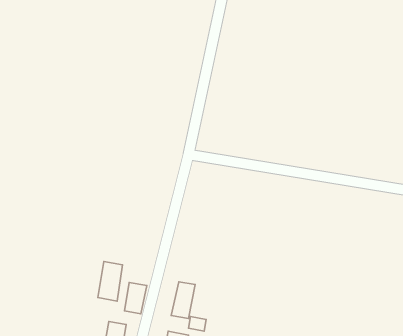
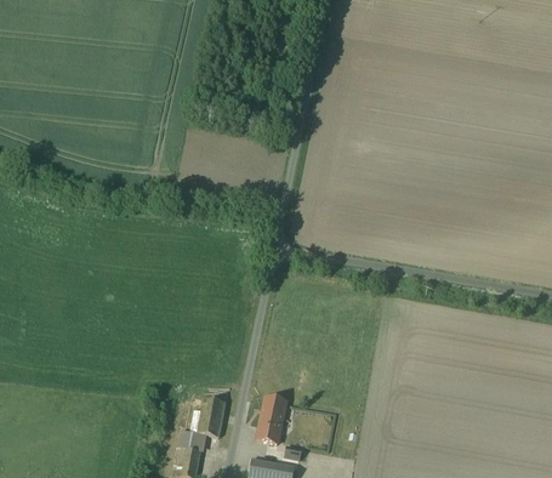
building: [98,262,123,301] -> none

